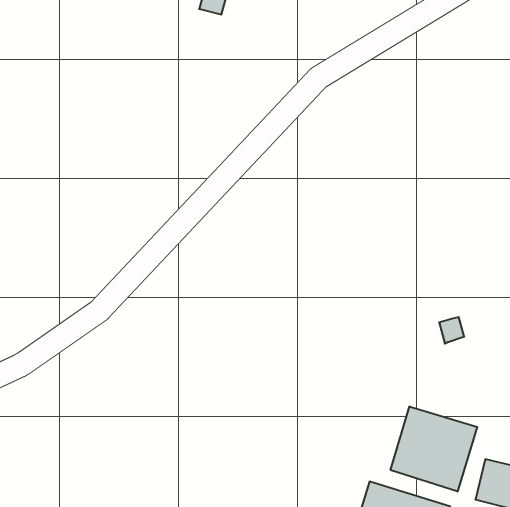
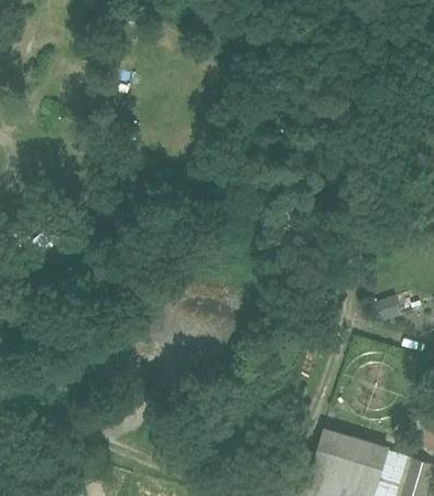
building: [391,406,477,492] -> none

